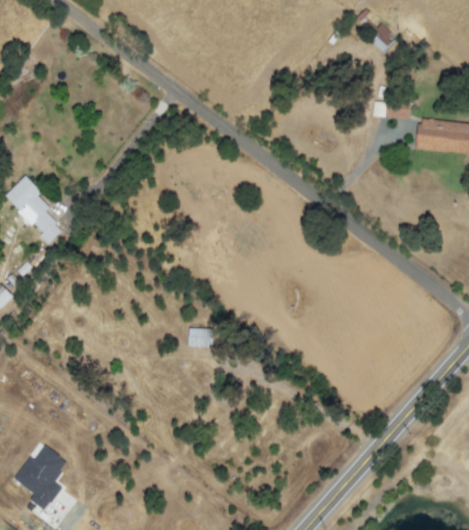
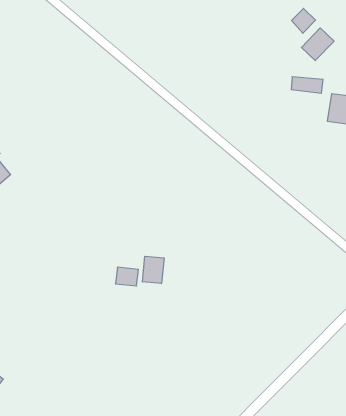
building: none -> [301,28,334,61]
building: none -> [142,256,164,284]

